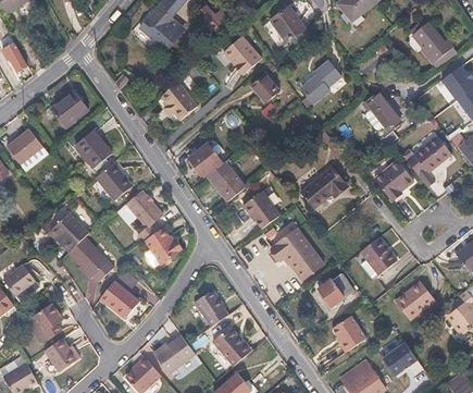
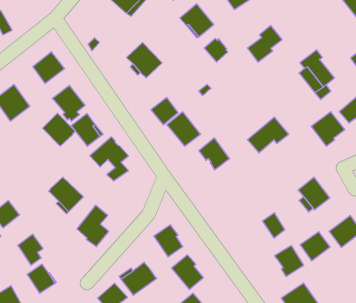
building: [51,211,89,249] -> [43,113,75,146]
building: [145,229,181,265] -> none
building: [275,229,325,280] -> none
building: [383,342,418,376] -> [300,232,330,261]

